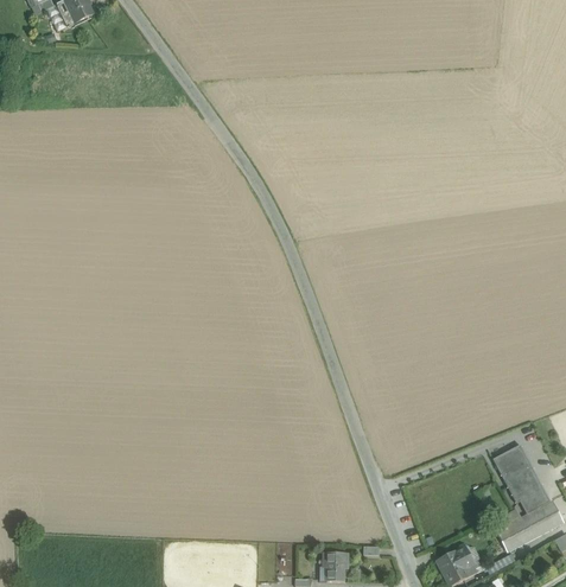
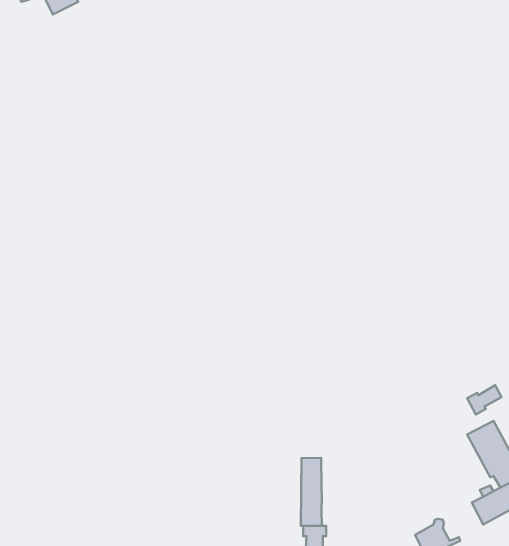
building: none -> [467,385,502,414]
building: none -> [301,458,322,526]

